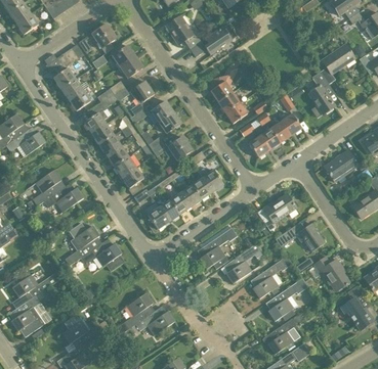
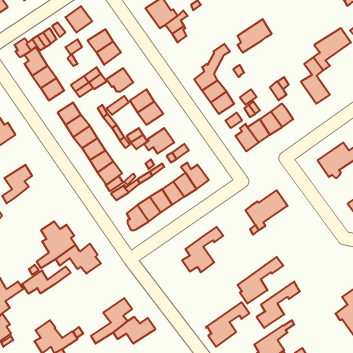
building: [205,22,237,53] -> [237,19,272,53]
building: [44,183,83,212] -> none
building: [275,222,325,250] -> none
building: [223,242,263,283] -> [206,302,249,347]
building: [313,256,348,290] -> none
building: none -> [22,267,71,294]

